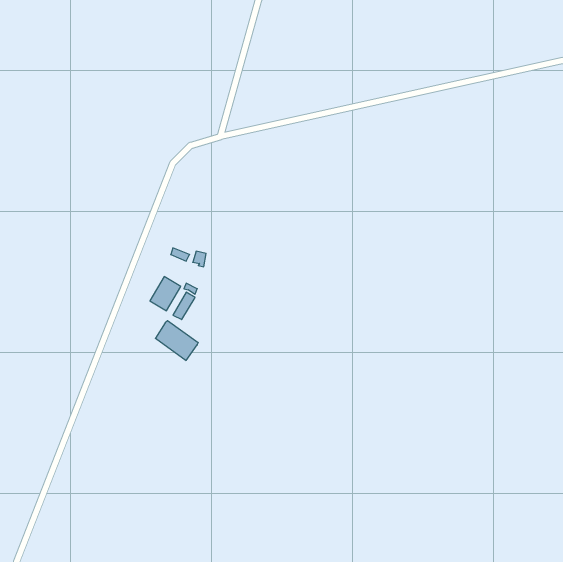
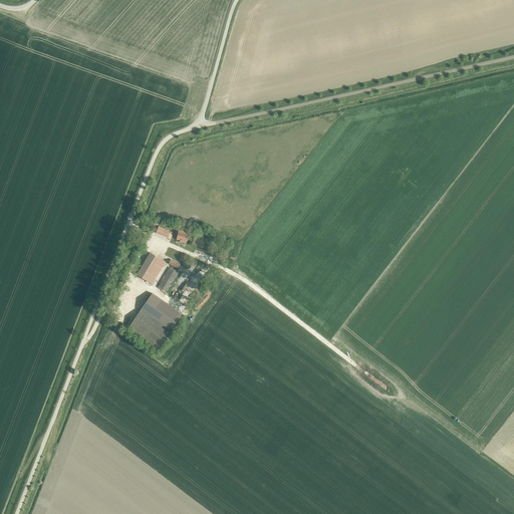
building: none -> [128,310,169,347]

